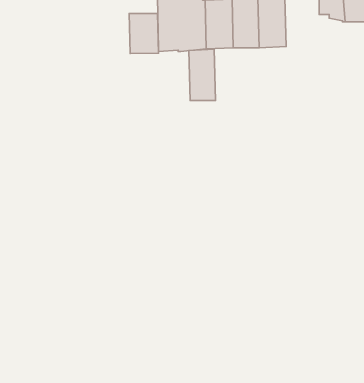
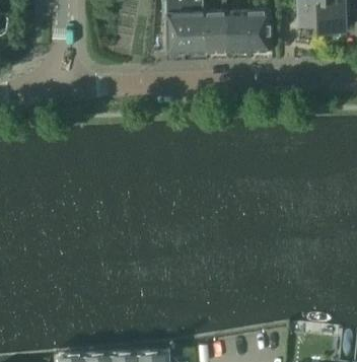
building: [129,13,158,53] -> none
building: [189,49,215,101] -> none

